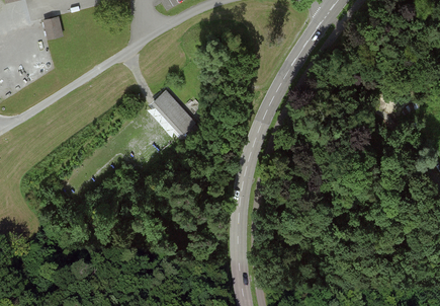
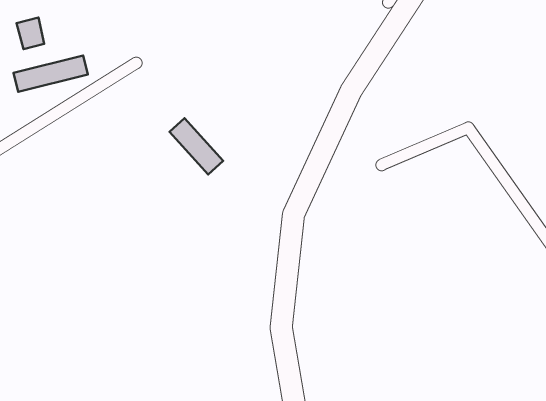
building: none -> [14,55,88,92]

